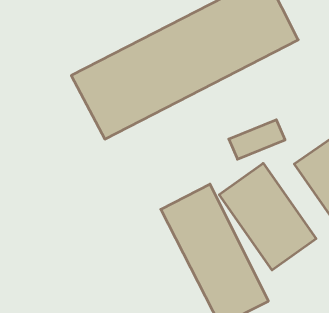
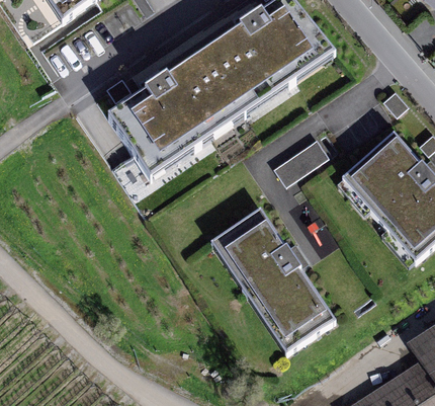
building: [219,163,316,270] -> none

